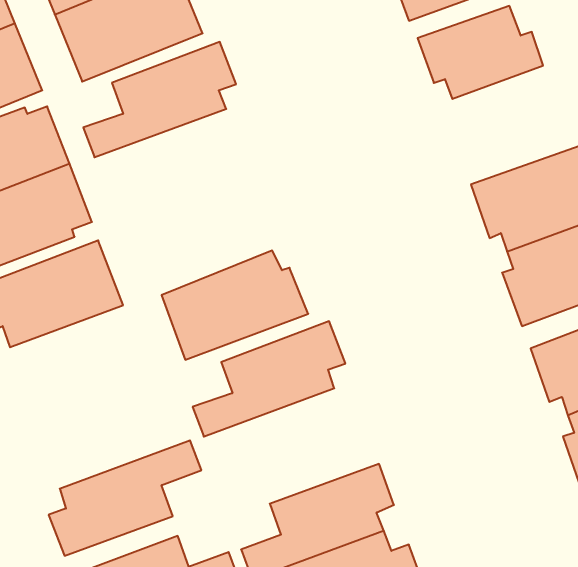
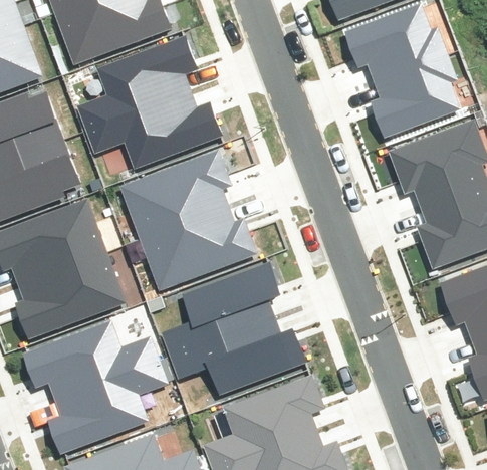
building: none -> [371,54,458,137]
building: none -> [84,89,223,167]
building: none -> [117,150,229,240]
building: none -> [15,248,129,338]
building: none -> [173,315,311,393]
building: none -> [24,320,162,397]

